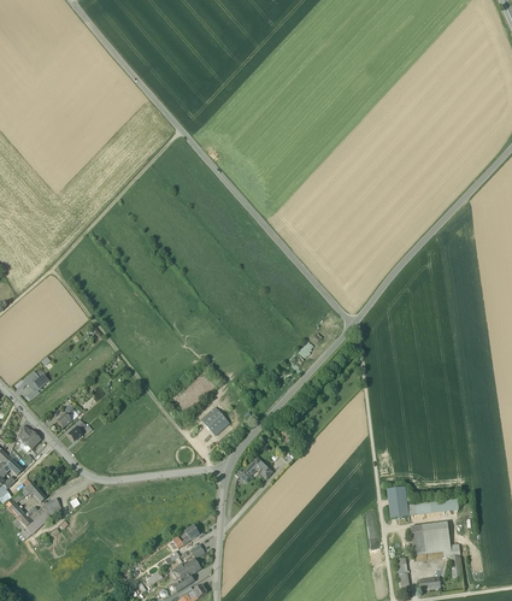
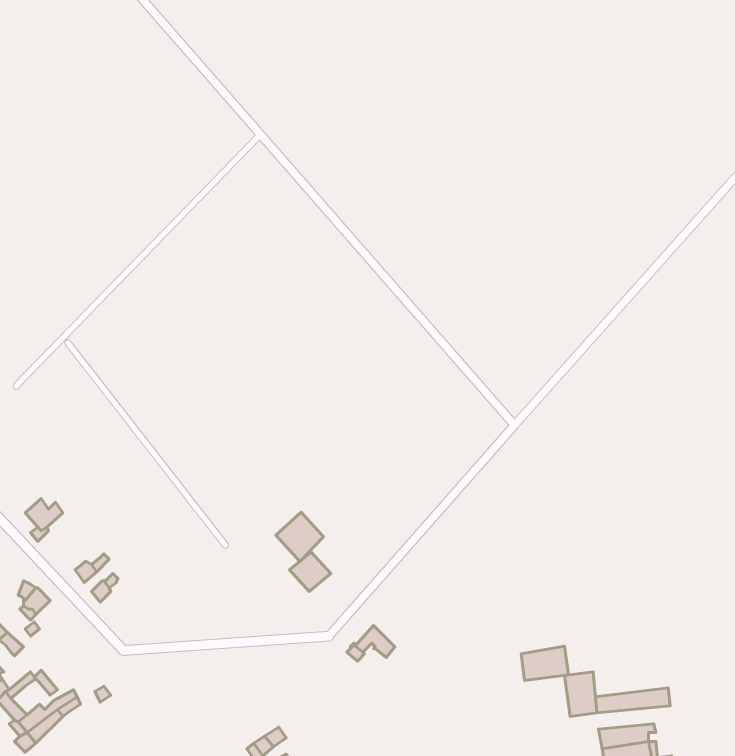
building: none -> [276,512,324,561]
building: none -> [521,646,568,681]

